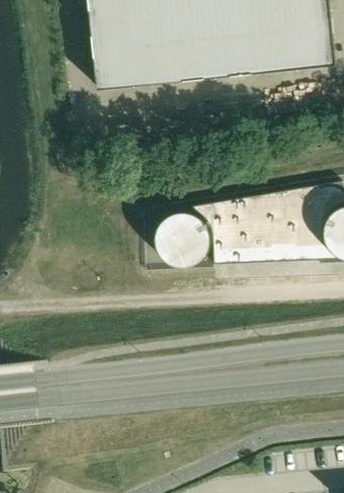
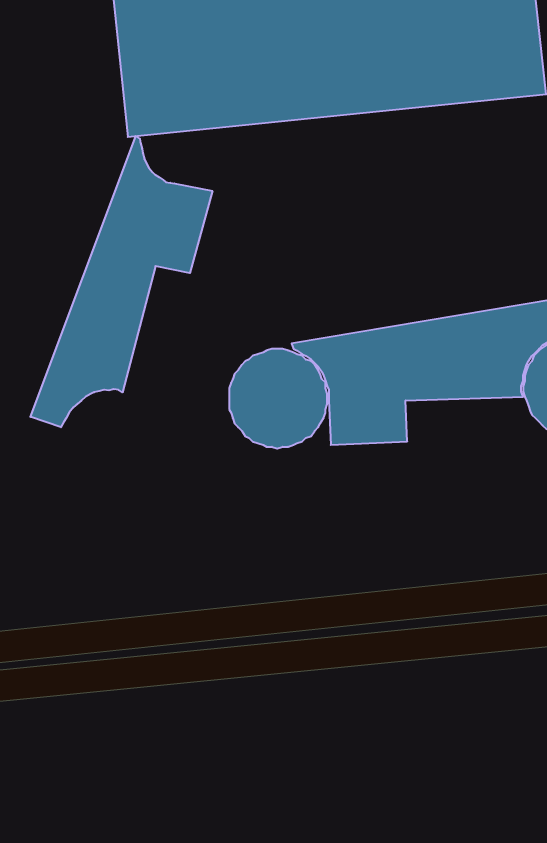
building: none -> [30,136,212,427]
building: [271,239,319,260] -> none

